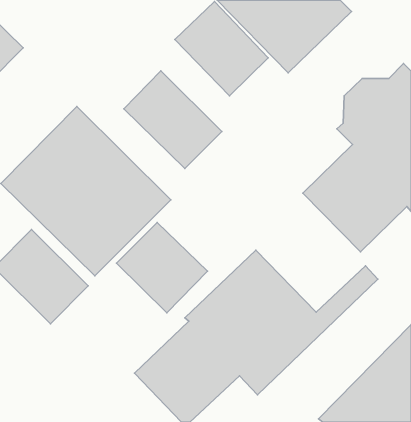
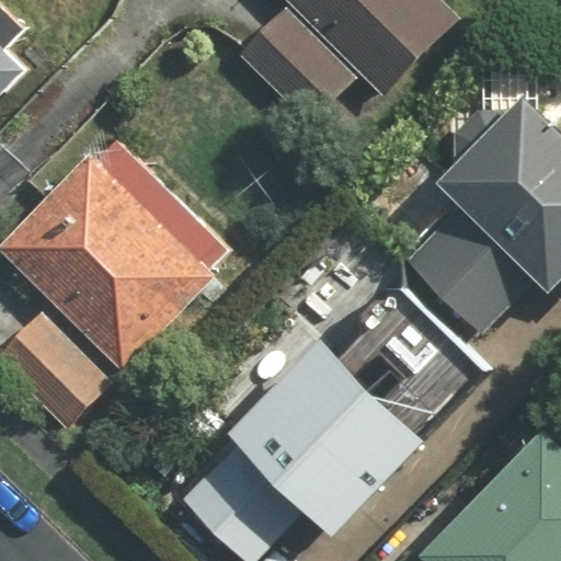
building: [124,71,222,169] -> none
building: [117,222,207,313] -> none

